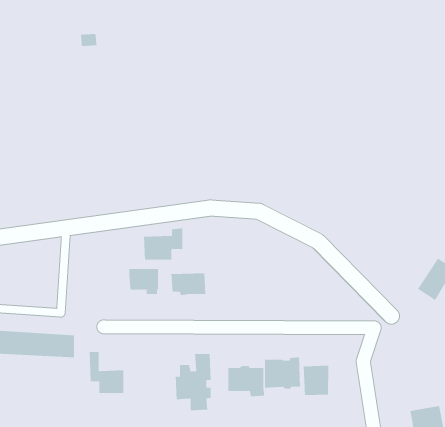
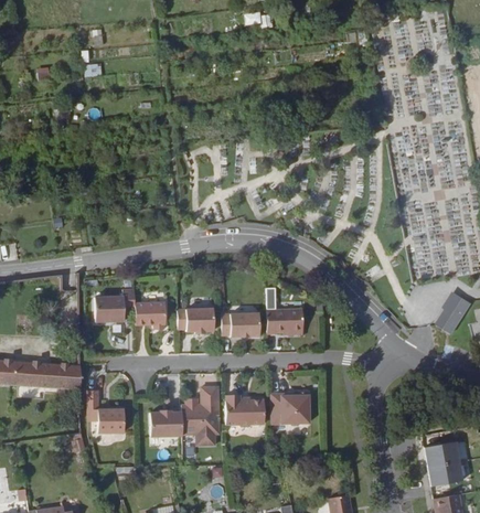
building: [143,228,183,260] -> [94,287,135,320]
building: none -> [268,302,305,329]
building: none -> [222,309,260,333]
building: [303,365,329,396] -> none
building: none -> [148,405,183,438]

